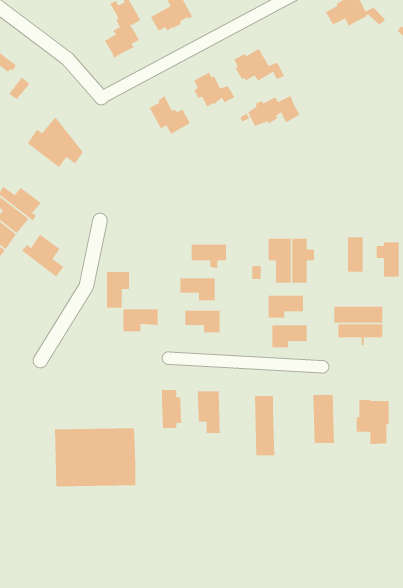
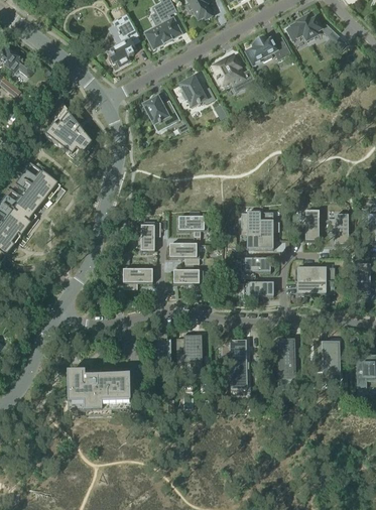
building: [247,95,301,127] -> [247,36,290,62]
building: [21,233,64,277] -> none
building: [106,271,130,308] -> [141,220,160,250]

